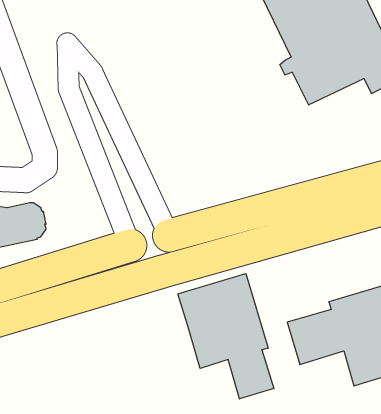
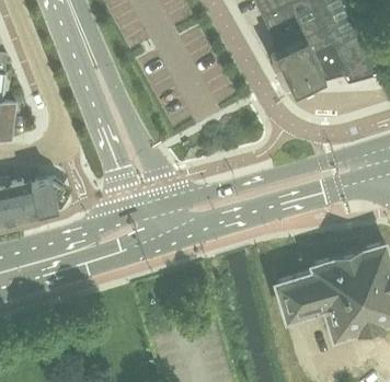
building: [178,274,274,399] -> none

